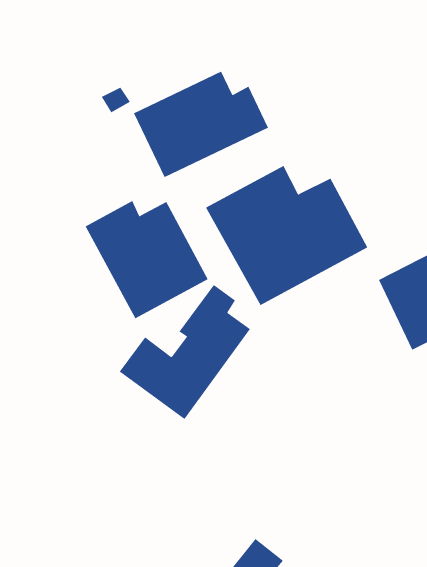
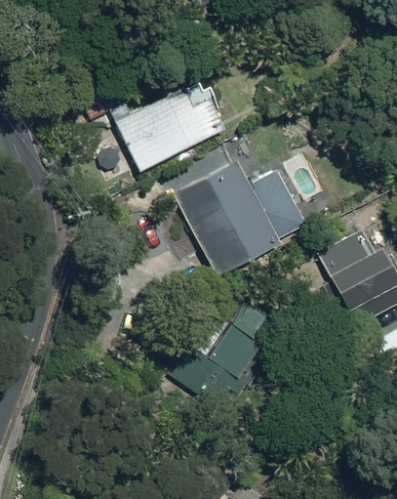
building: [85,200,209,319] -> none
building: [119,284,251,420] -> [170,297,279,409]

